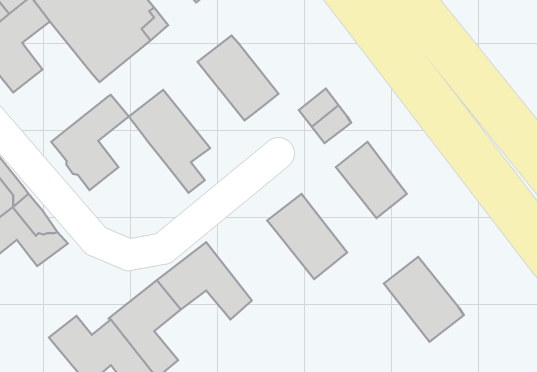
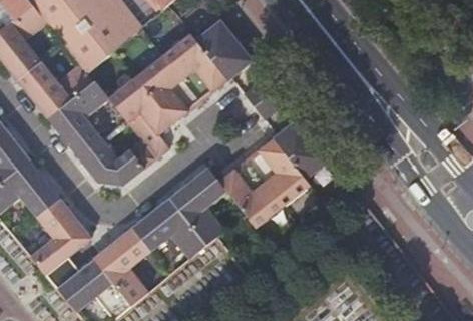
building: none -> [195,20,252,80]
building: none -> [136,55,200,123]
building: none -> [18,61,93,118]
building: none -> [78,138,156,185]
building: none -> [170,168,226,244]
building: none -> [31,199,91,273]
building: [384,257,464,342] -> [246,138,309,206]

